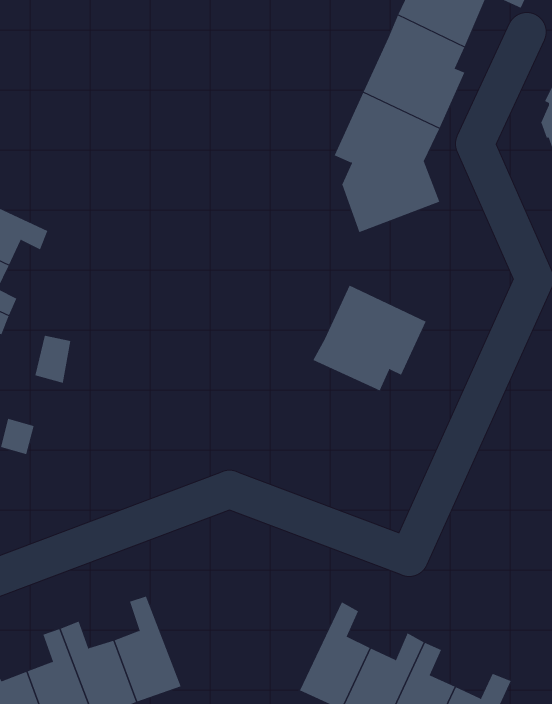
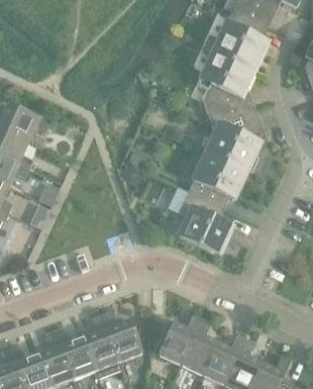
building: none -> [205,108,262,171]
building: none -> [165,186,230,255]
building: none -> [99,310,140,362]
building: none -> [156,313,201,364]

